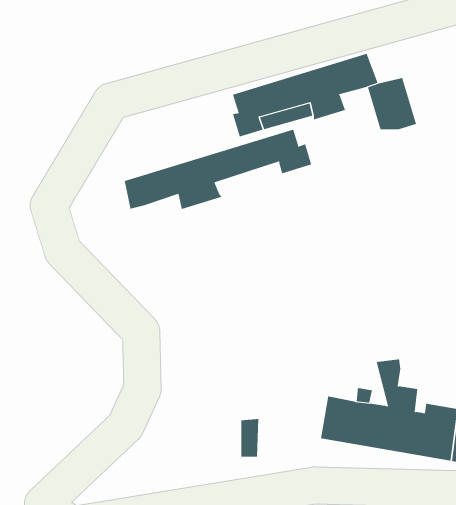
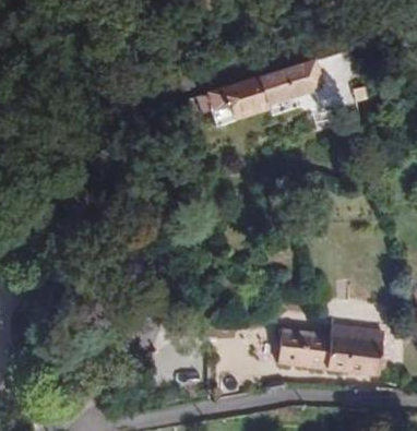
building: [124,129,312,210] -> none

